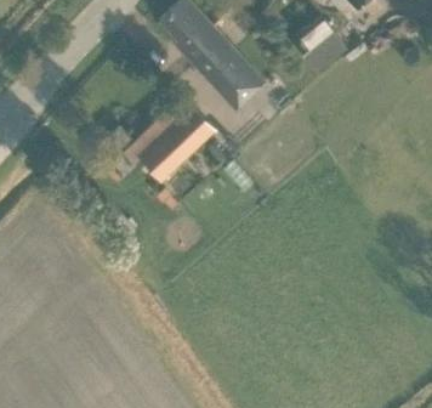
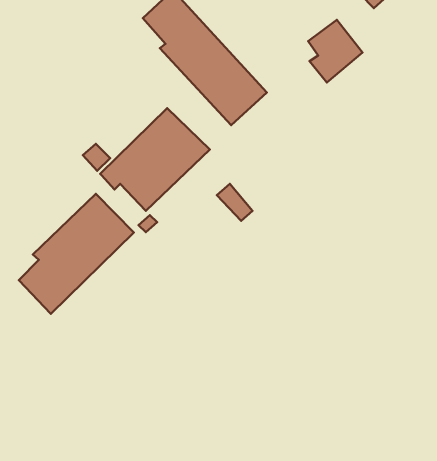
building: none -> [19,194,134,314]

